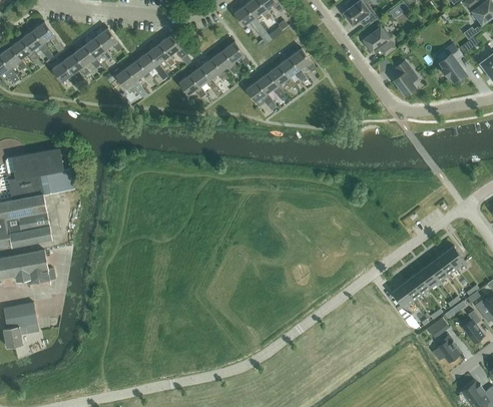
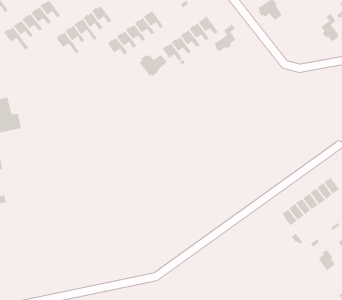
building: none -> [214,23,237,52]
building: [393,61,417,95] -> none
building: none -> [139,54,168,77]

